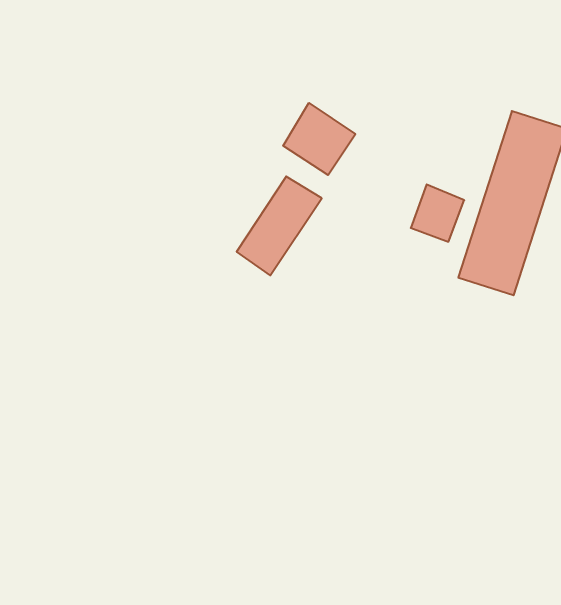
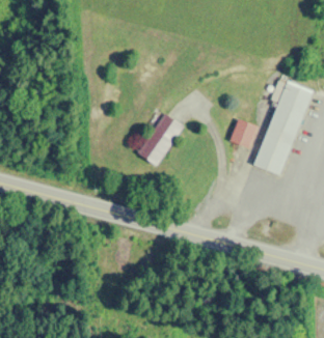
building: [283,103,355,175] -> none

